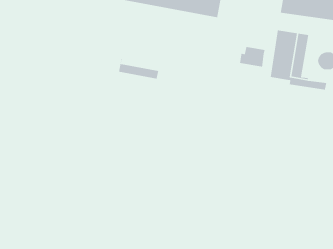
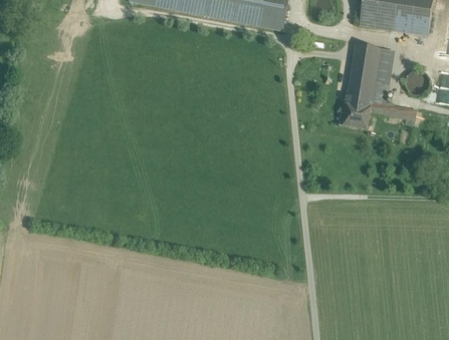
building: [239,46,265,67] -> [339,103,371,129]
building: [118,58,159,80] -> none

